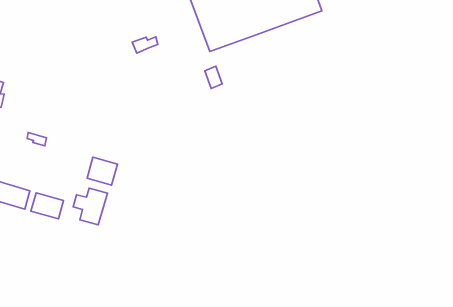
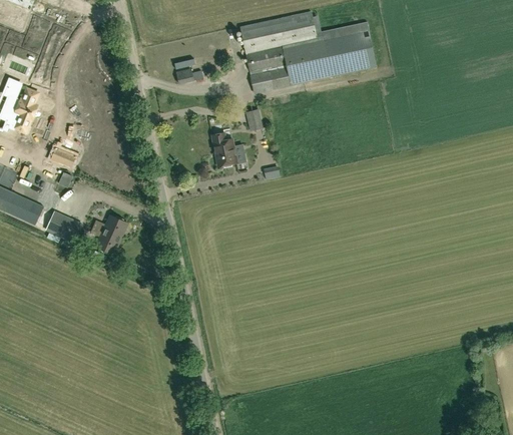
building: none -> [211,132,236,165]
building: [87,157,117,185] -> none

